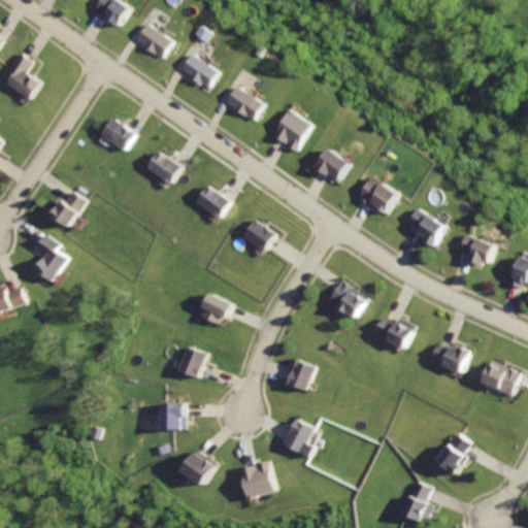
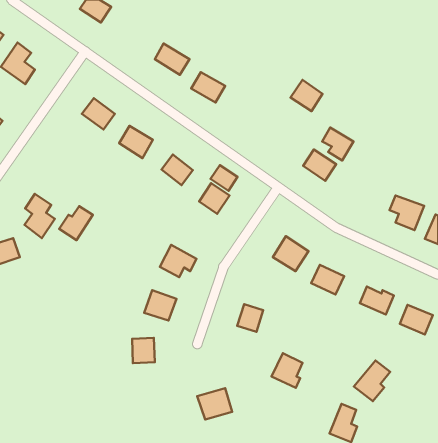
building: [139,21,178,58] -> none
building: [271,109,315,154] -> none
building: [315,148,353,186] -> [290,80,323,111]
building: [46,191,87,231] -> [59,206,93,240]
building: none -> [211,165,238,191]
building: [409,208,447,248] -> [322,127,353,160]
building: [276,418,314,459] -> [271,353,303,388]
building: [174,452,212,489] -> none

